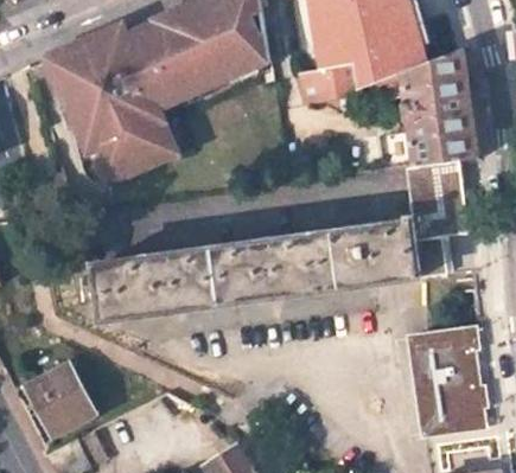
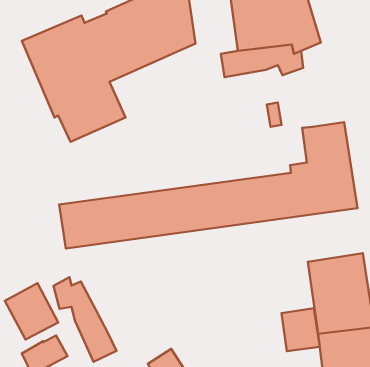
building: [402,47,476,165] -> none
building: none -> [53,277,116,362]
building: none -> [282,308,320,351]

